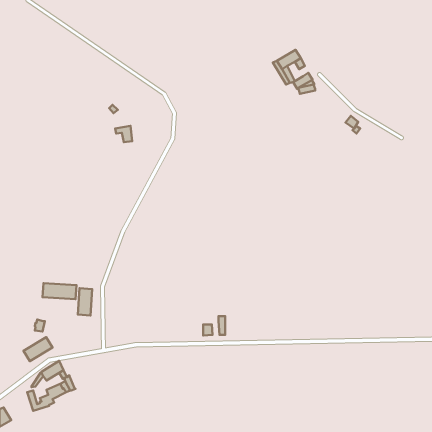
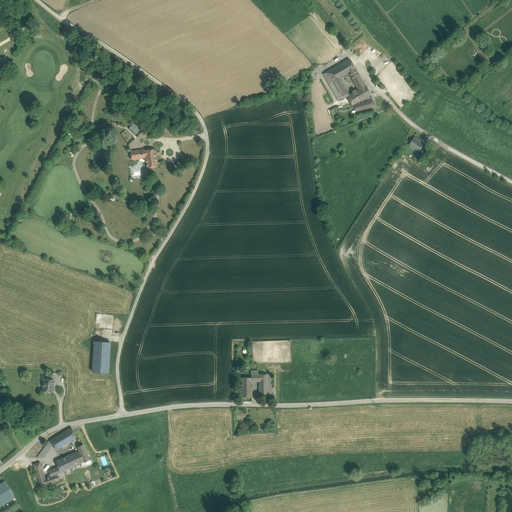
building: [43,283,76,299] -> none
building: [24,337,52,361] -> none

